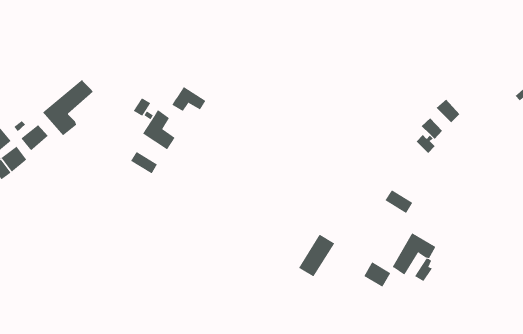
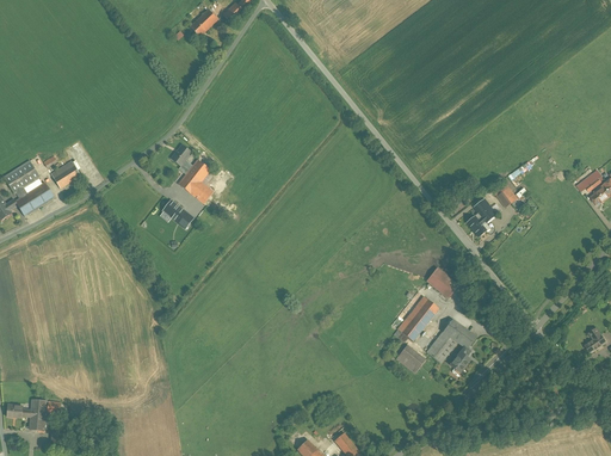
building: [42,79,93,136] -> none
building: [171,86,206,112] -> none
building: [298,234,335,277] -> [396,295,438,340]

